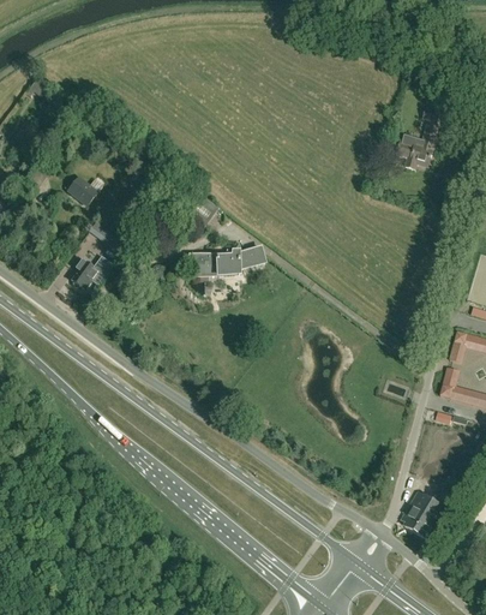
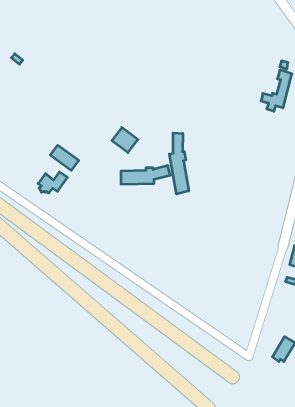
building: [62,179,101,207] -> none
building: none -> [169,133,189,194]
building: [401,491,433,531] -> none

